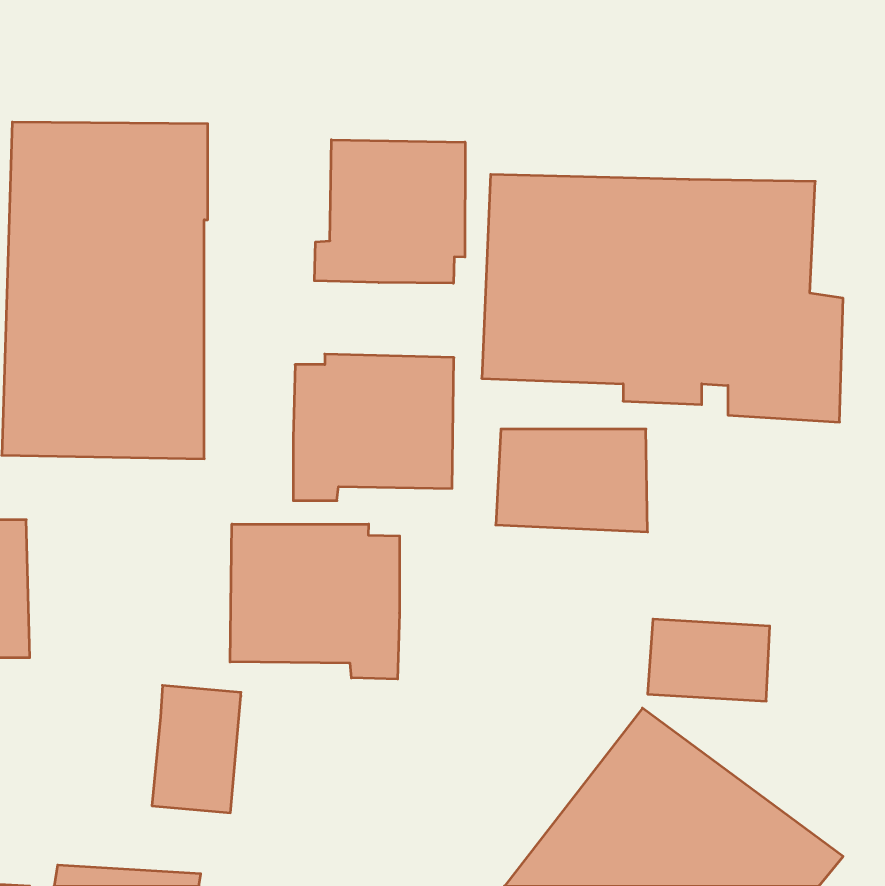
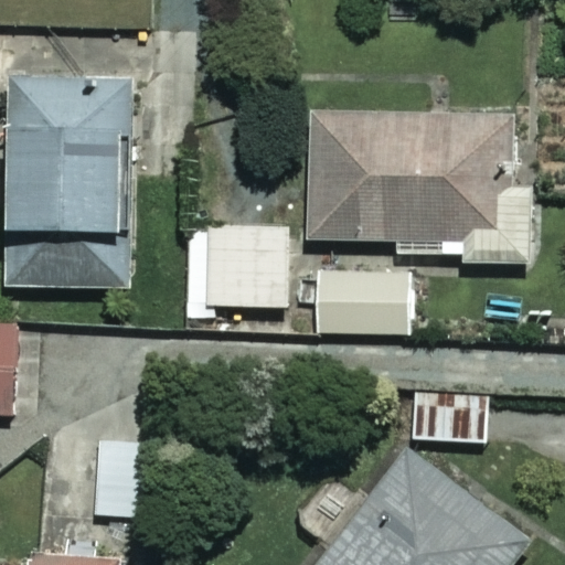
building: [314,140,465,283] -> none
building: [230,524,400,679] -> none

